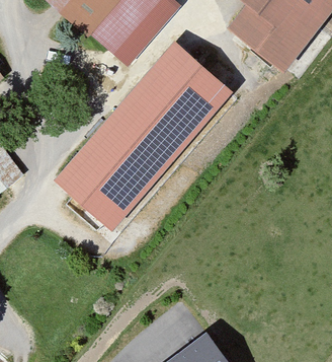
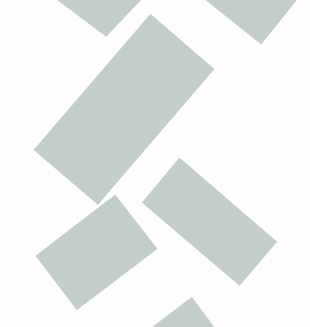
building: none -> [141,157,278,287]
building: none -> [35,193,158,311]

